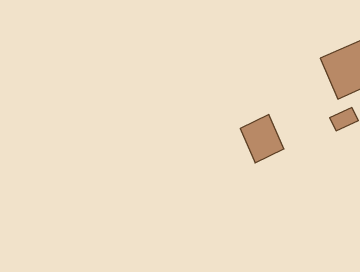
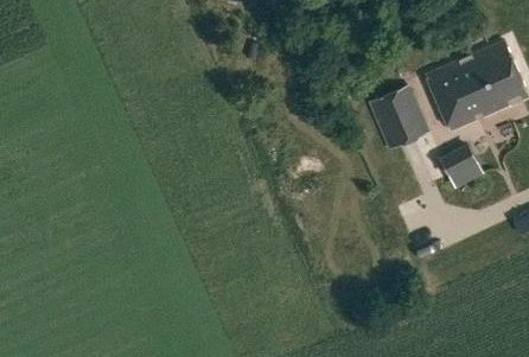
building: [240,115,284,163] -> [371,83,427,145]

